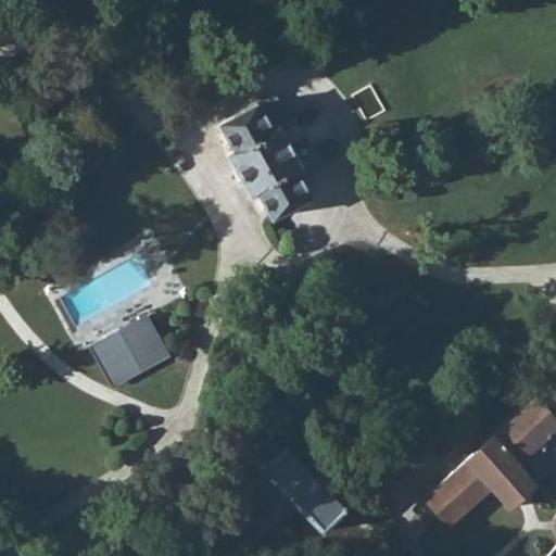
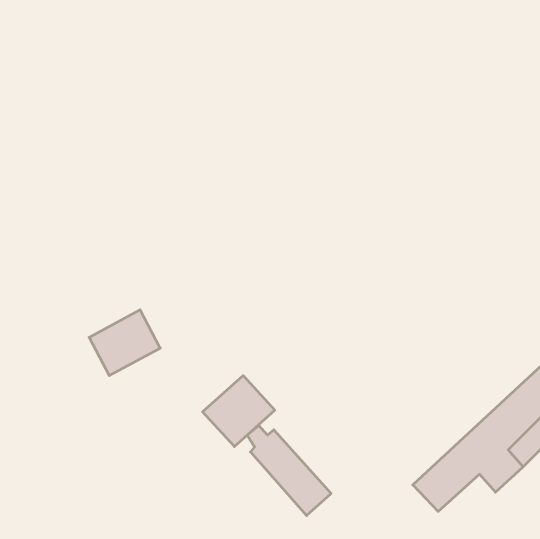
building: [223,104,319,219] -> none
building: none -> [203,376,275,447]

